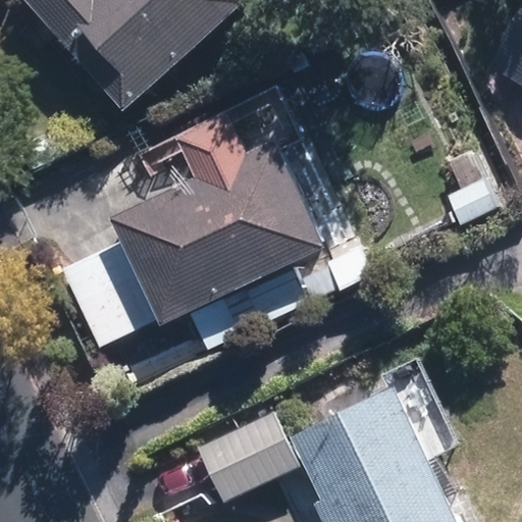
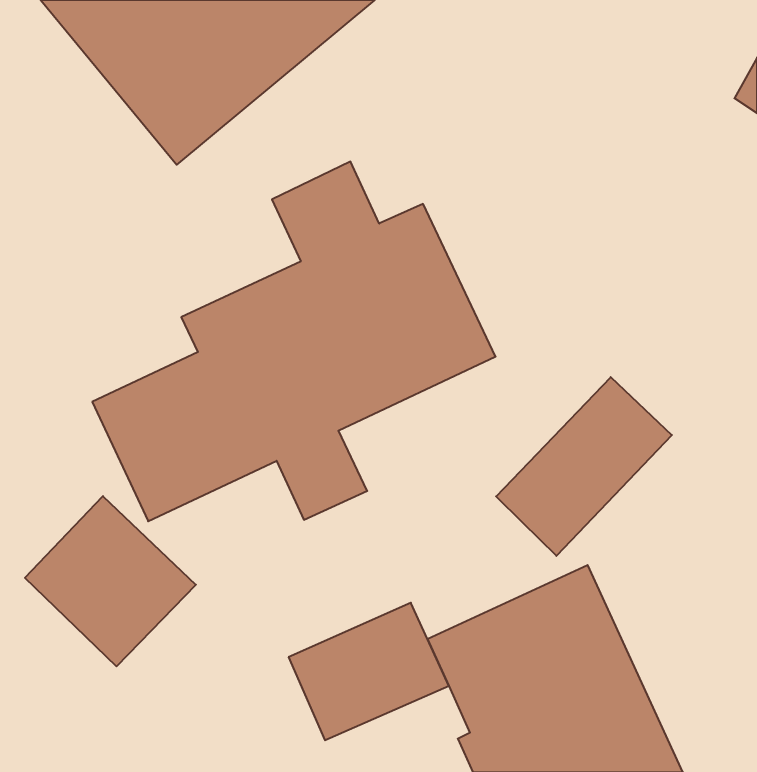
building: none -> [496,377,672,556]
building: none -> [25,496,196,666]

